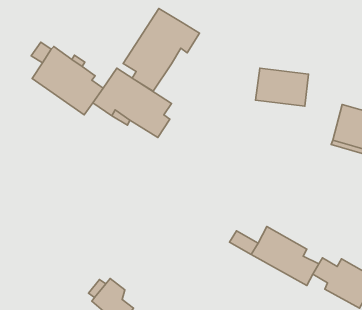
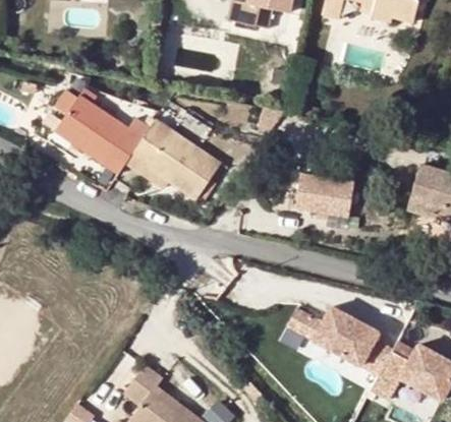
building: [123,8,199,91] -> none
building: [256,68,308,106] -> [290,170,352,215]

